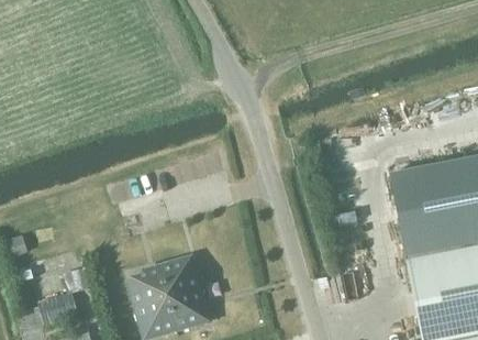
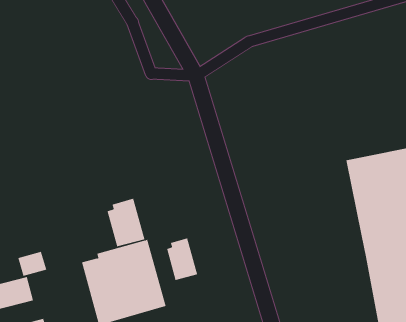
building: none -> [107,198,145,247]
building: none -> [166,237,198,281]

